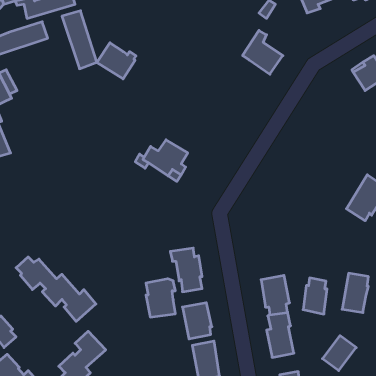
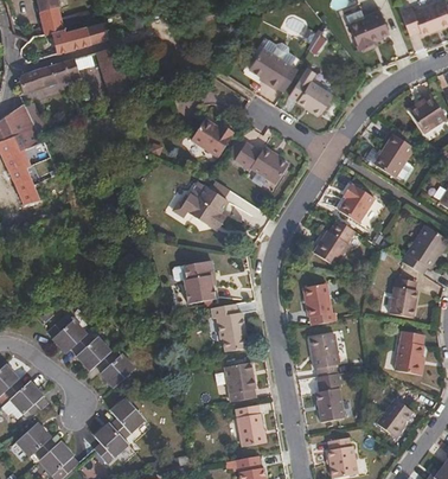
building: none -> [248,46,290,89]
building: [97,43,136,79] -> [190,117,232,157]
building: none -> [373,134,414,178]
building: none -> [229,139,287,184]
building: none -> [341,185,377,224]
building: none -> [313,219,354,266]
building: none -> [303,283,332,317]
building: [303,278,327,314] -> [391,279,417,318]
building: [146,279,175,317] -> [184,261,216,302]

